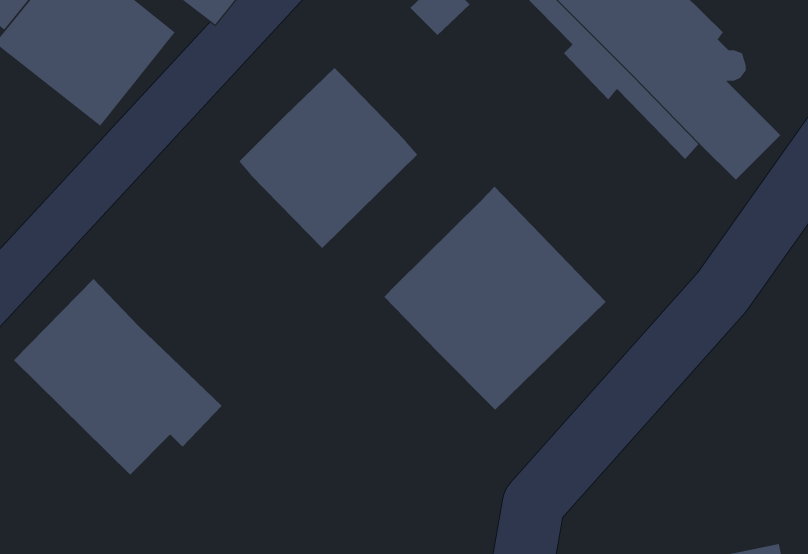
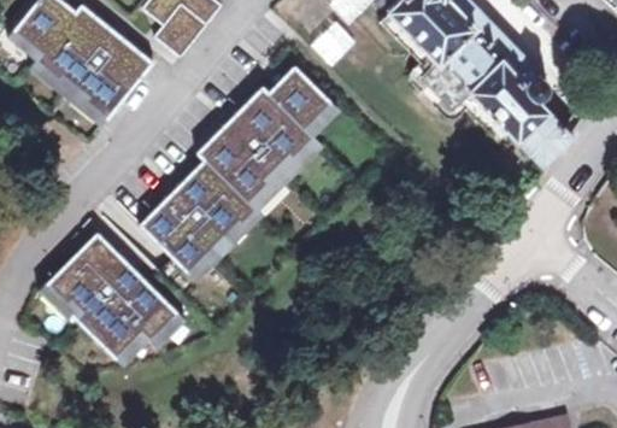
building: none -> [268,64,339,135]
building: none -> [139,159,260,280]
building: [383,186,607,411] -> none

